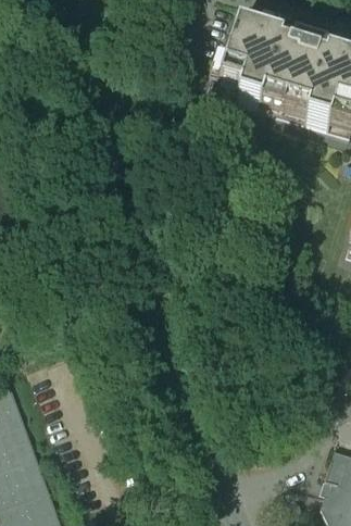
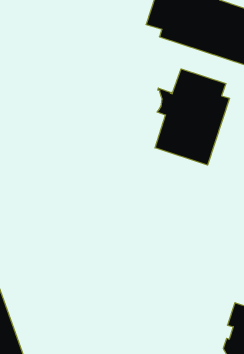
building: none -> [155,69,229,165]

